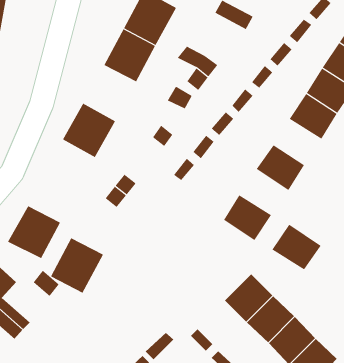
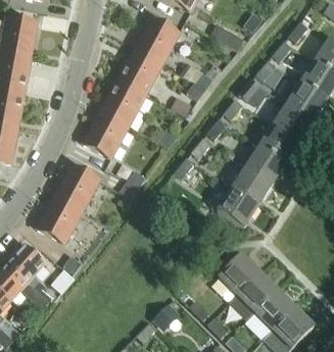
building: none -> [100,80,145,127]
building: none -> [259,124,300,163]
building: [272,224,322,270] -> [231,166,273,205]
building: [50,237,104,293] -> [54,164,99,211]

